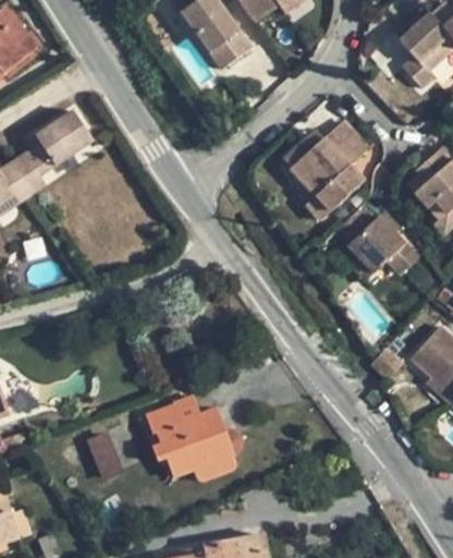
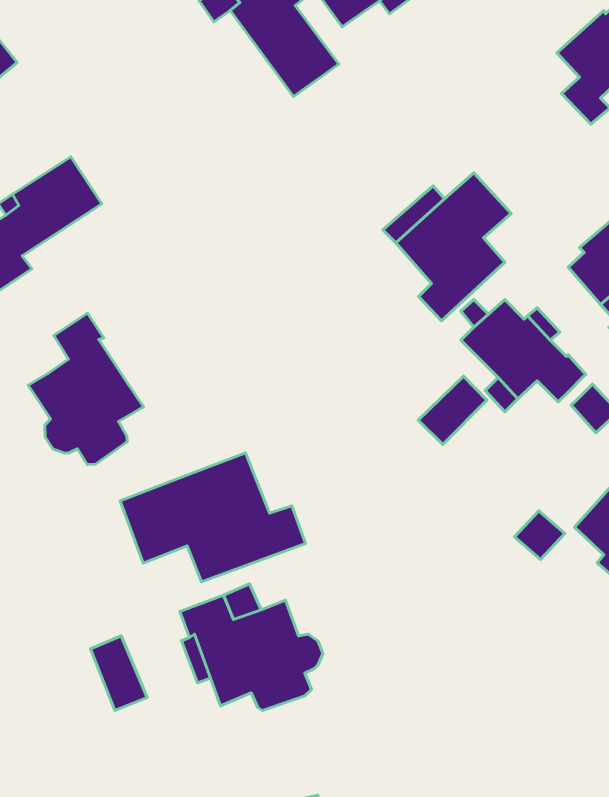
building: none -> [28,313,143,465]
building: none -> [418,376,487,445]
building: none -> [120,453,305,582]

